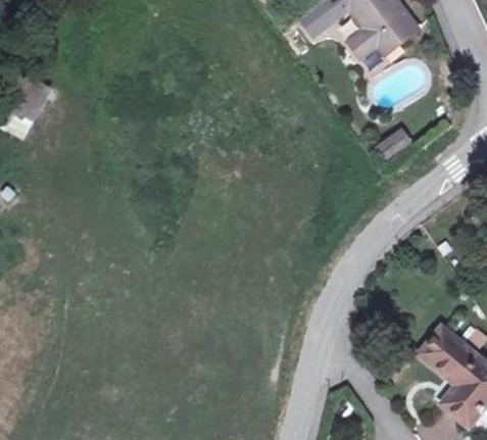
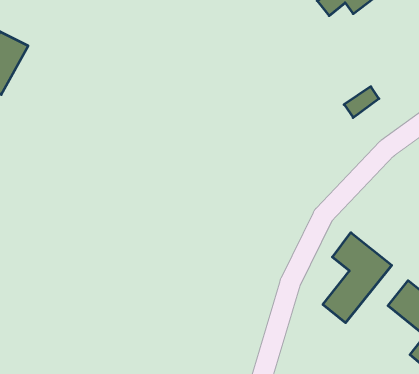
building: none -> [323,233,392,323]

